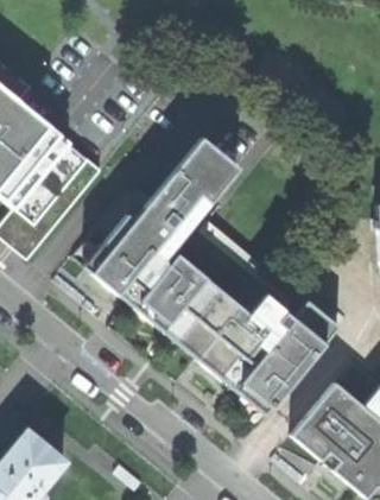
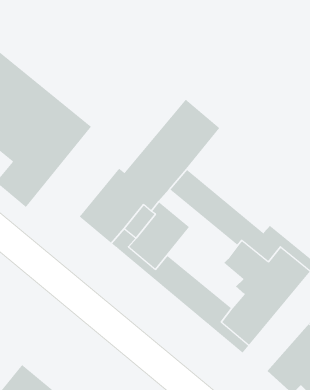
building: [185,278,270,367] -> none

